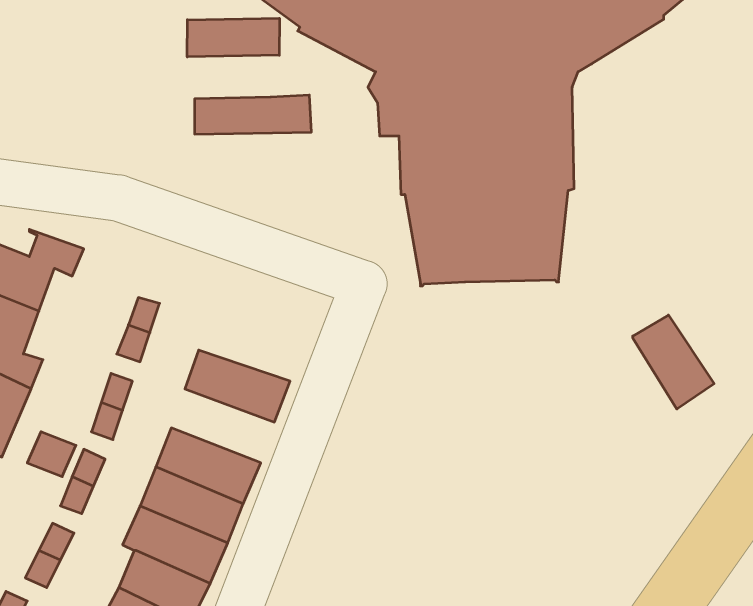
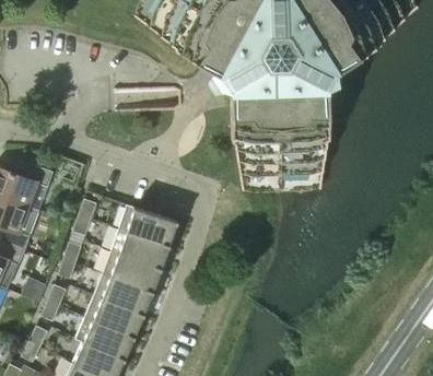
building: [187,18,279,57] -> none
building: none -> [118,205,177,247]
building: [633,315,714,409] -> none
building: none -> [103,251,161,293]

